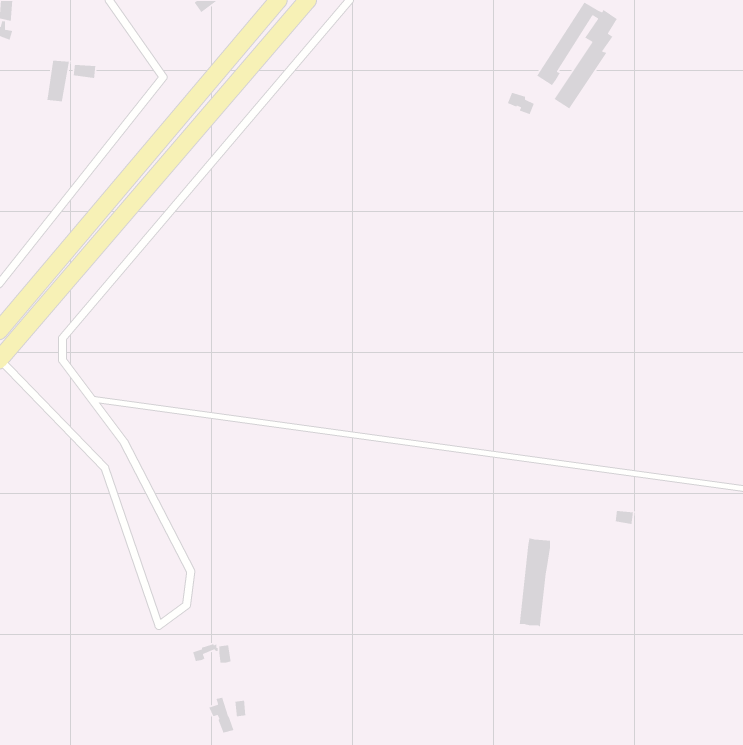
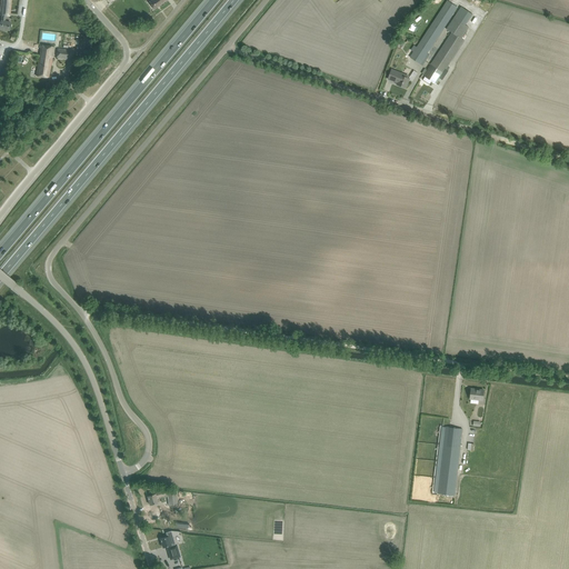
building: [519,537,551,628] -> [437,427,461,496]

